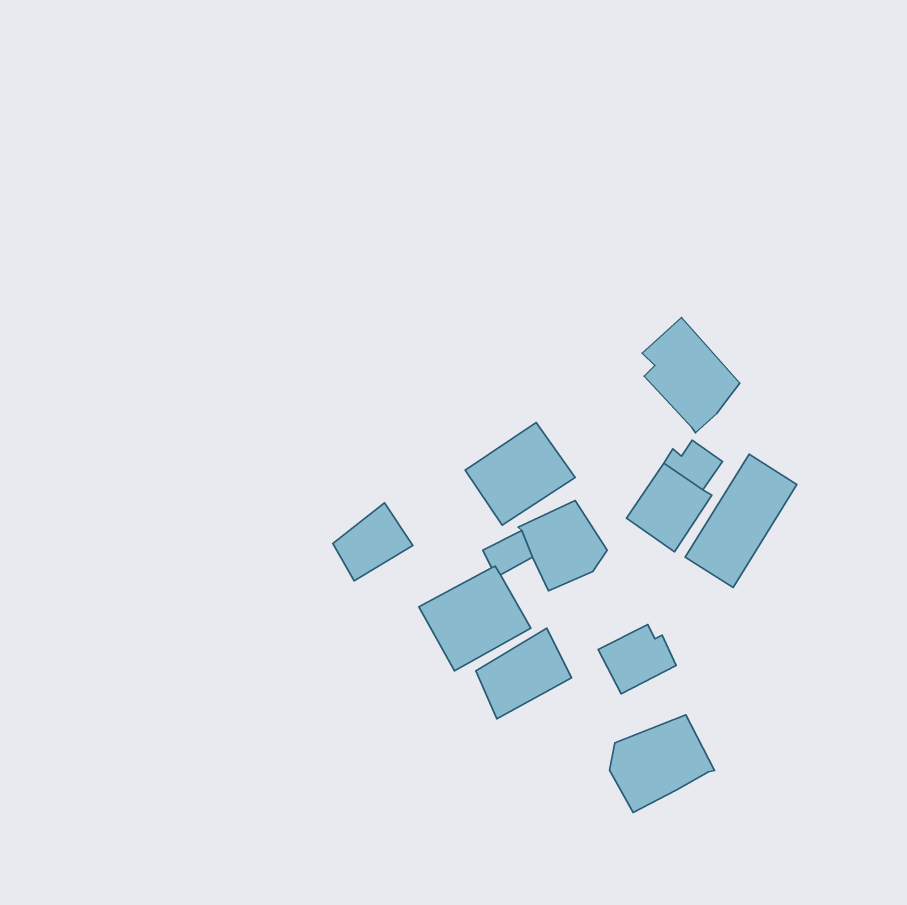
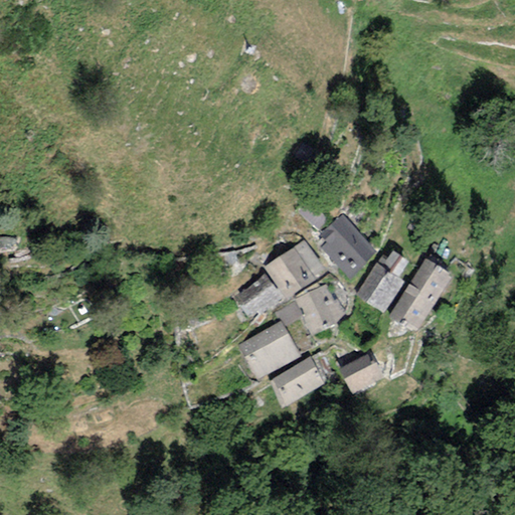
building: [642,318,740,433] -> [320,213,375,279]
building: [333,503,413,581] -> [235,273,281,317]
building: [610,715,715,812] -> none

